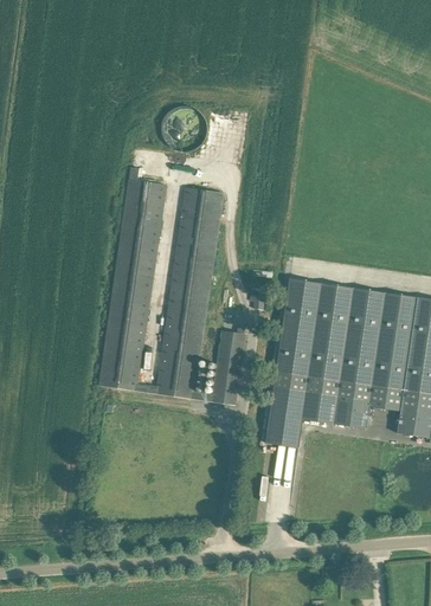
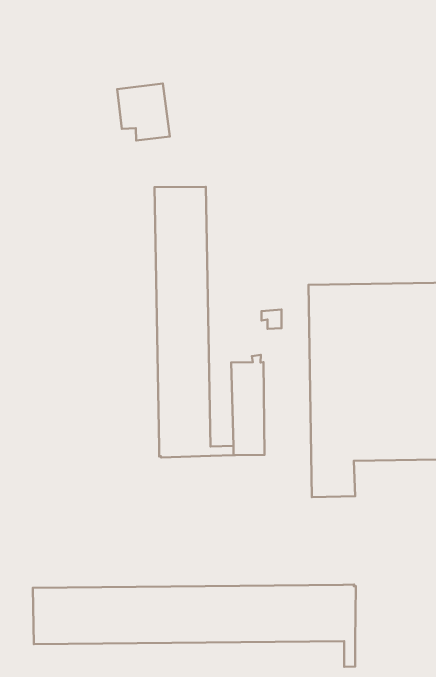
building: [98,166,166,391] -> none
building: none -> [33,584,356,667]

